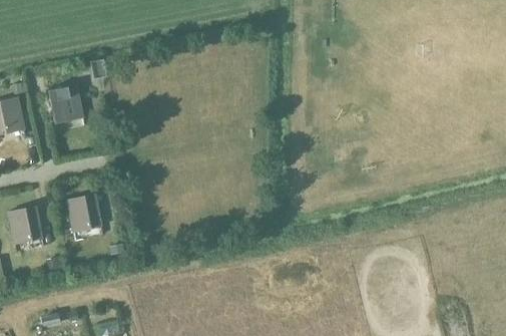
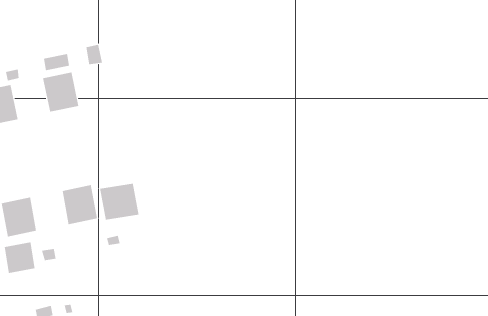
building: none -> [100,183,139,221]
building: none -> [4,242,35,274]

